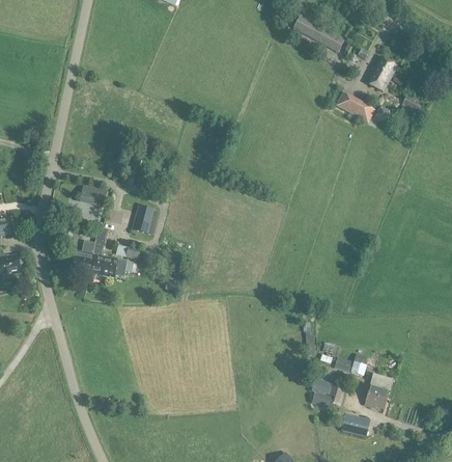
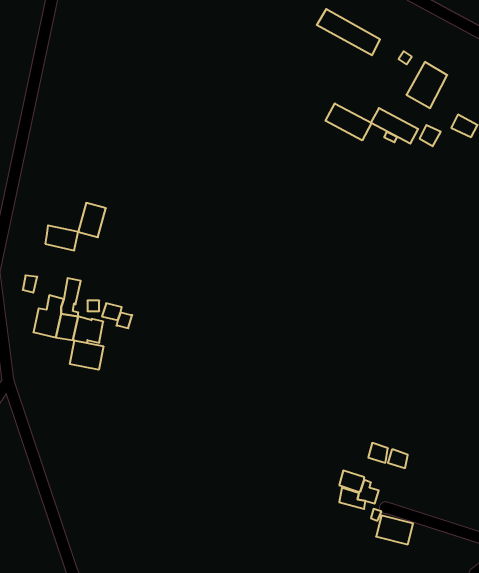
building: none -> [326,103,371,140]
building: [132,206,153,233] -> [78,203,106,237]
building: none -> [70,340,103,370]
building: [364,375,391,408] -> none

